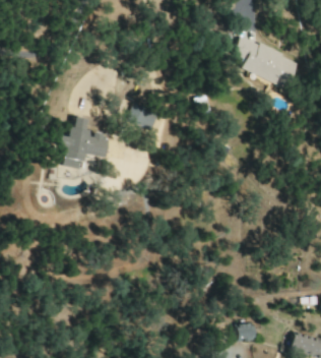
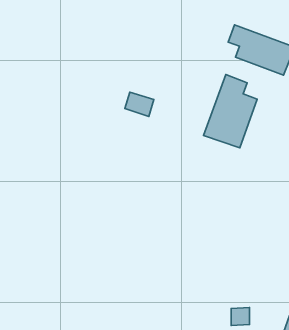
building: none -> [204,75,257,148]
building: [56,116,105,168] -> none

